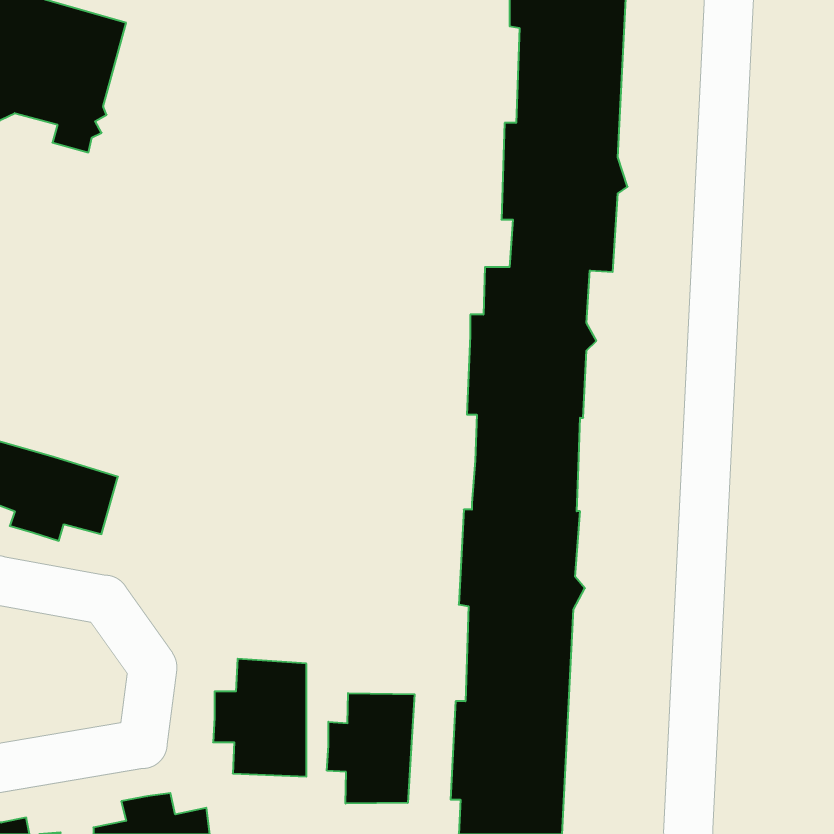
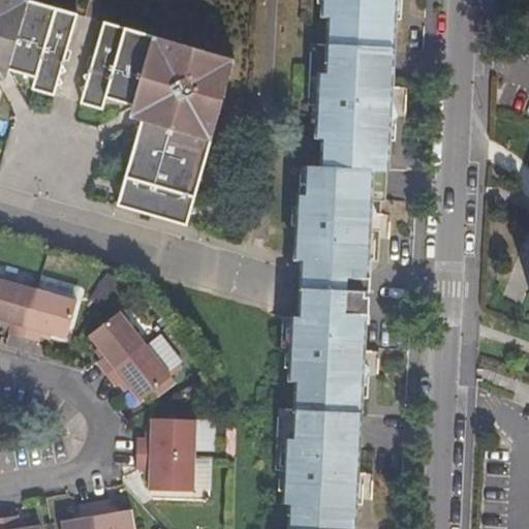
building: none -> [81,22,238,225]
building: none -> [86,312,168,400]
building: [327,693,415,804] -> none

